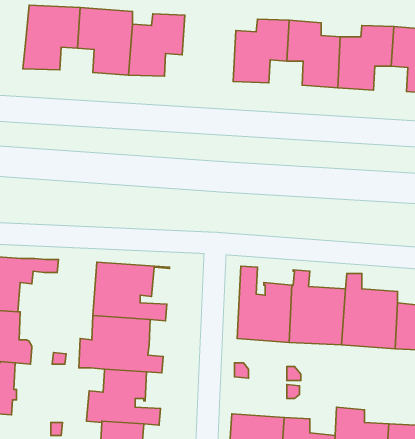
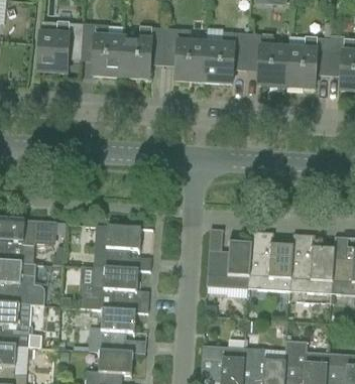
building: none -> [163,29,206,82]

